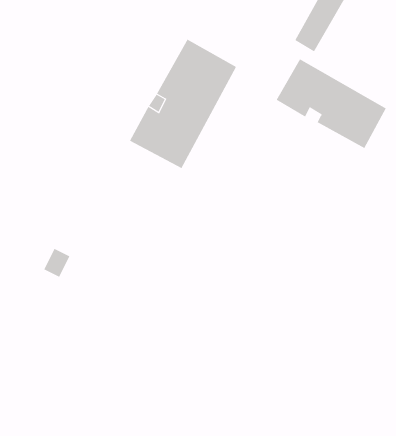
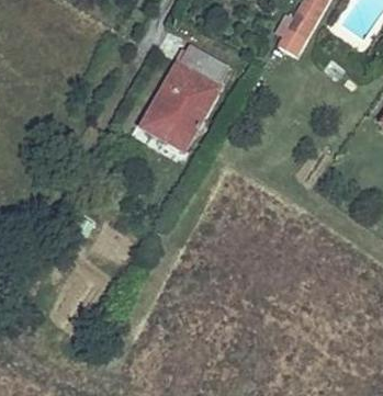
building: [276,58,387,149] -> none

